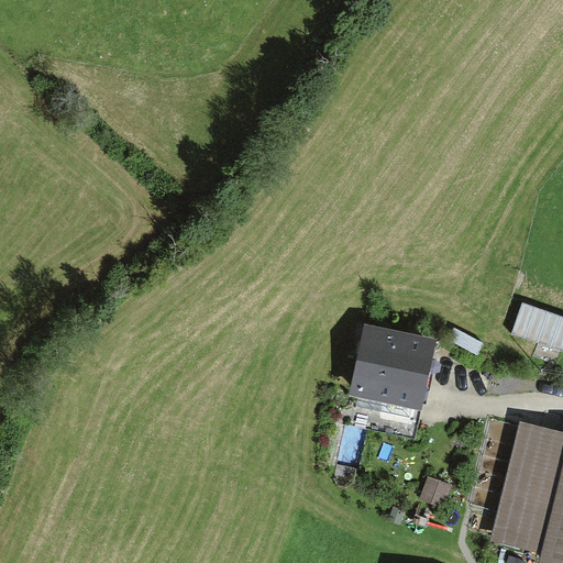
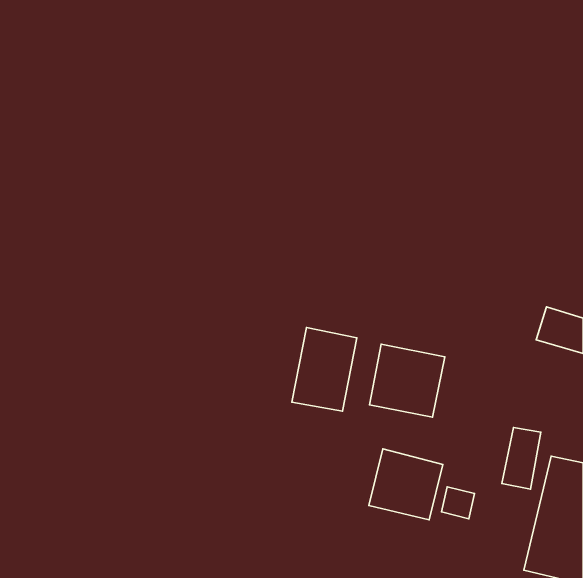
building: none -> [292,327,357,411]
building: none -> [369,449,443,520]

